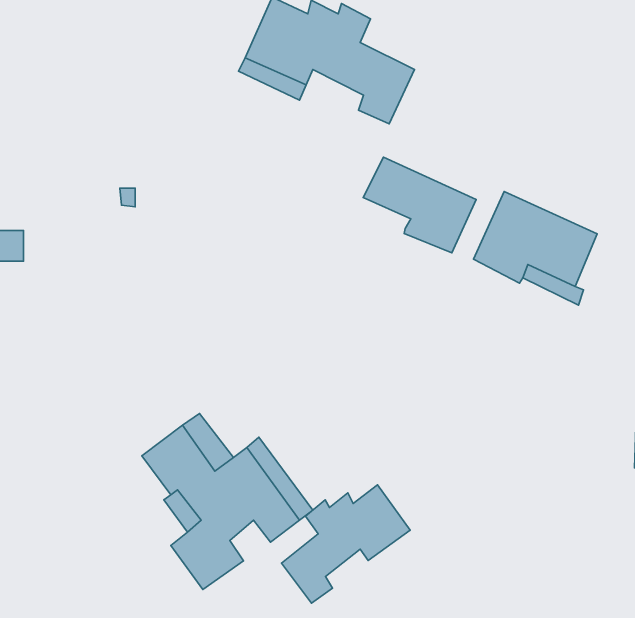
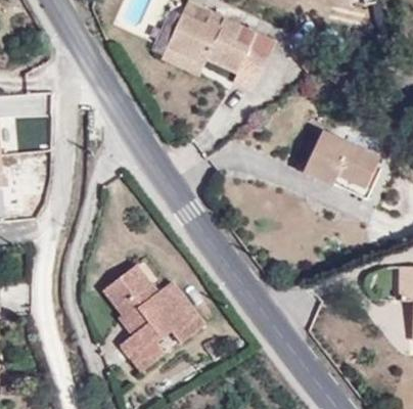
building: [363,157,476,253] -> none
building: [281,485,410,603] -> none

